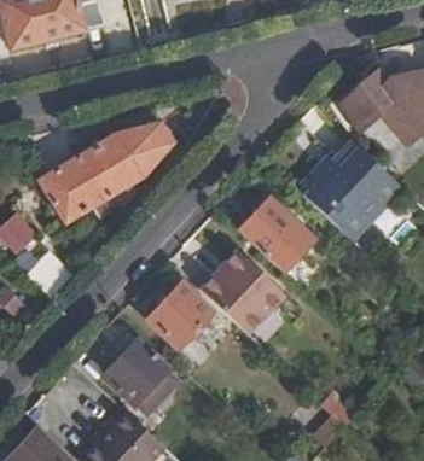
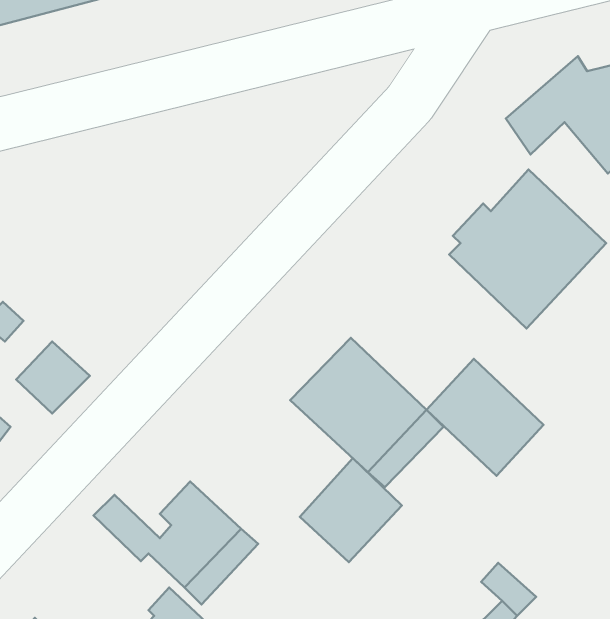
building: [40,123,173,221] -> none
building: [239,197,314,272] -> [426,359,544,476]
building: [146,282,211,349] -> [300,458,402,562]

